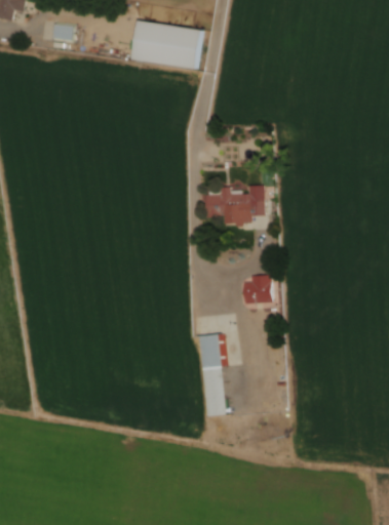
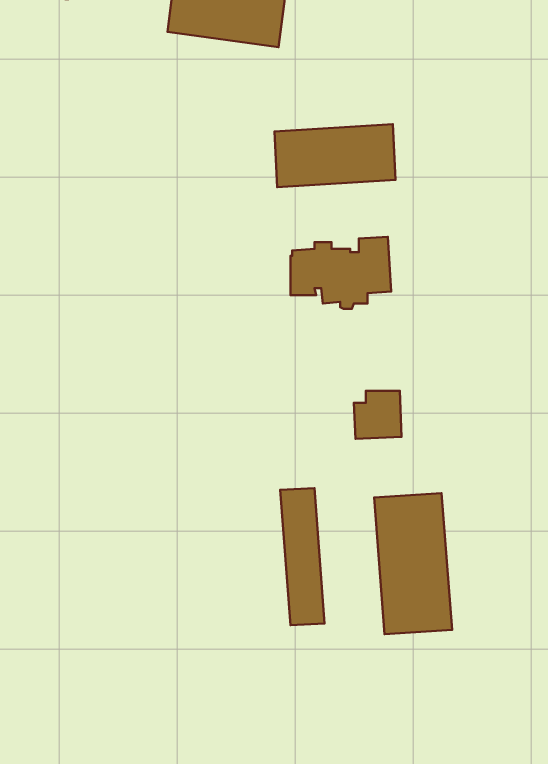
building: none -> [274,124,396,187]
building: none -> [374,493,452,634]

